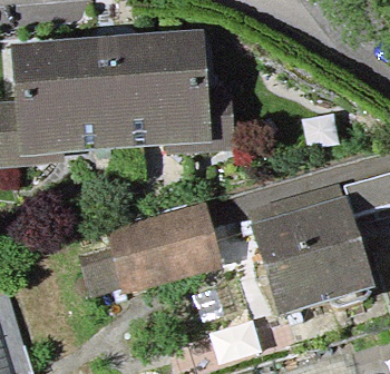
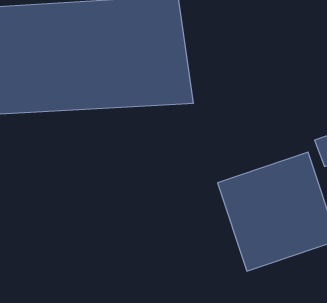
building: [96,201,214,291] -> none

